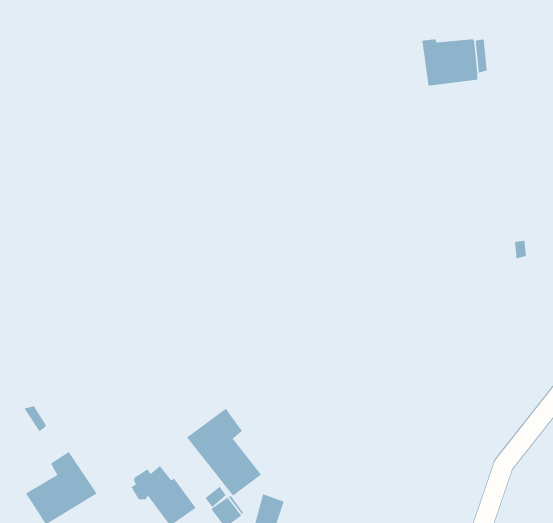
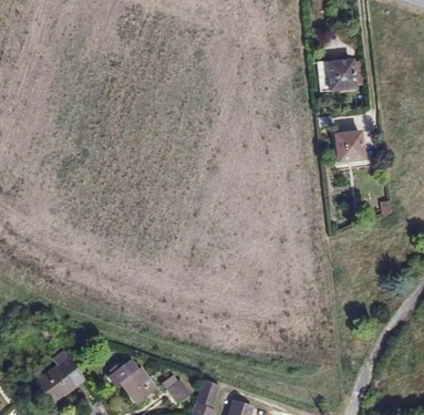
building: none -> [333,132,362,164]
building: [186,408,262,497] -> none

